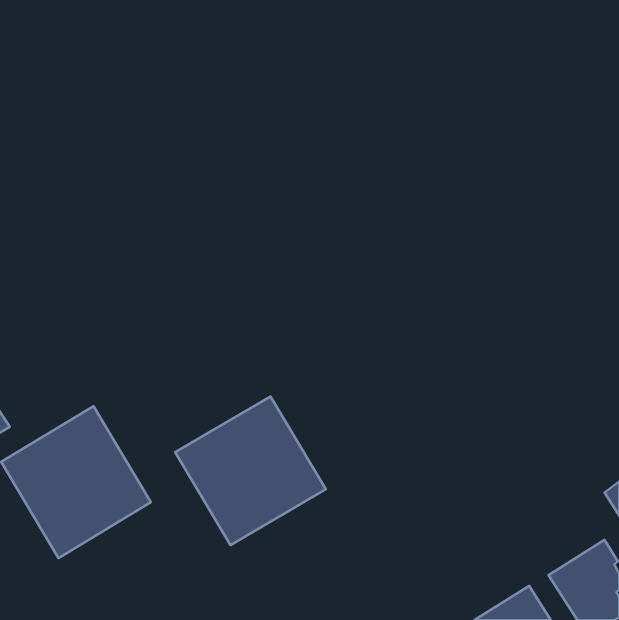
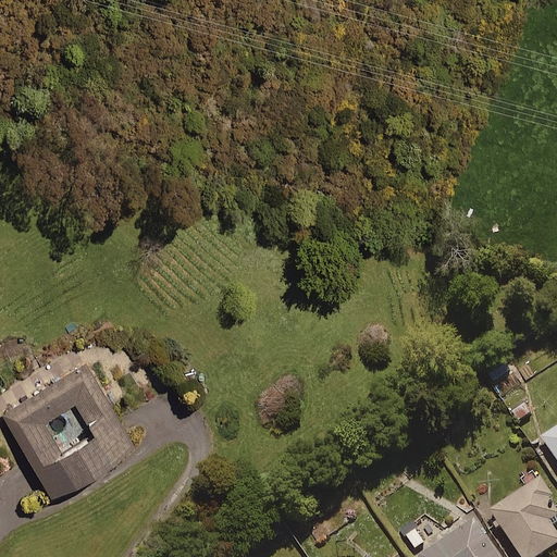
building: [175,396,326,545] -> none

